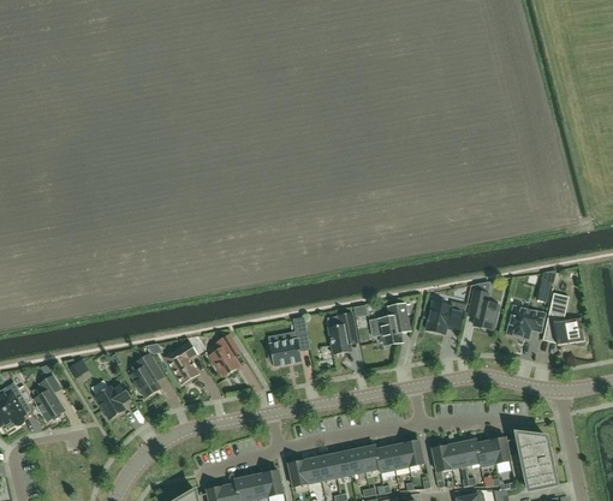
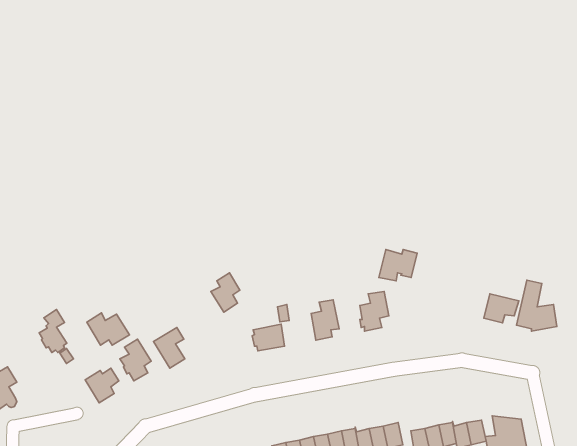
building: [468,290,499,329] -> none
building: [425,300,465,333] -> [379,250,417,281]
building: none -> [87,313,130,345]
building: [209,334,239,375] -> [211,273,240,312]
building: [34,375,63,419] -> [39,310,67,353]

